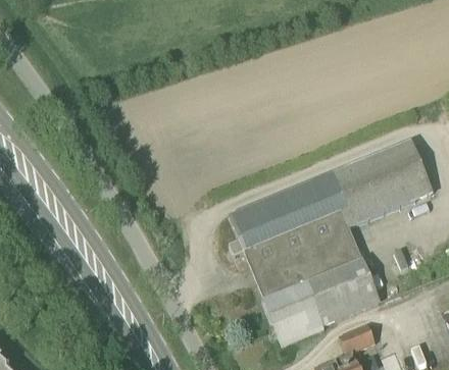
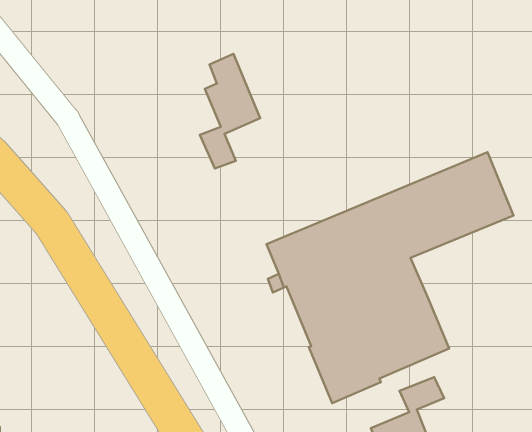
building: none -> [200,54,260,169]

